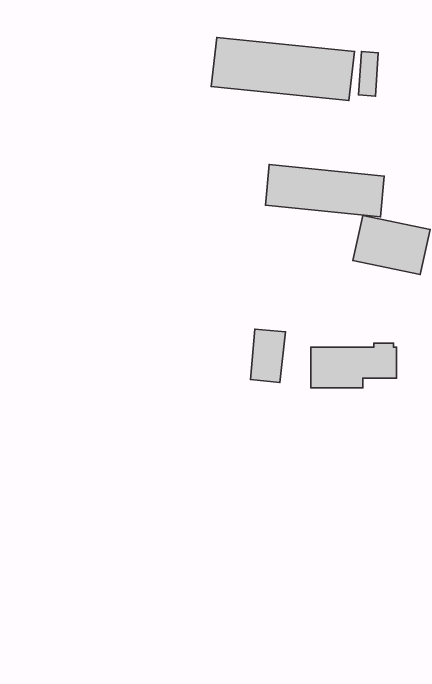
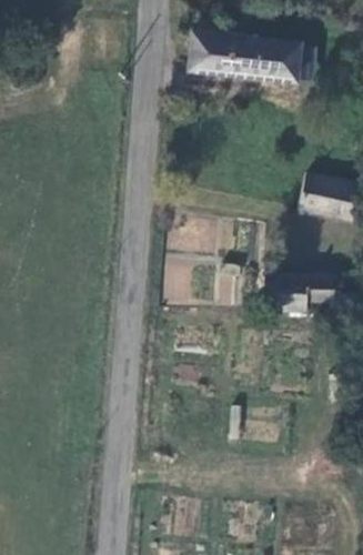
building: [266,164,384,217] -> none

